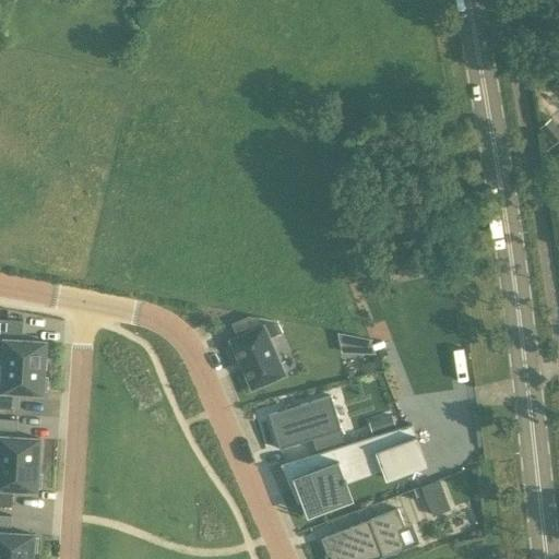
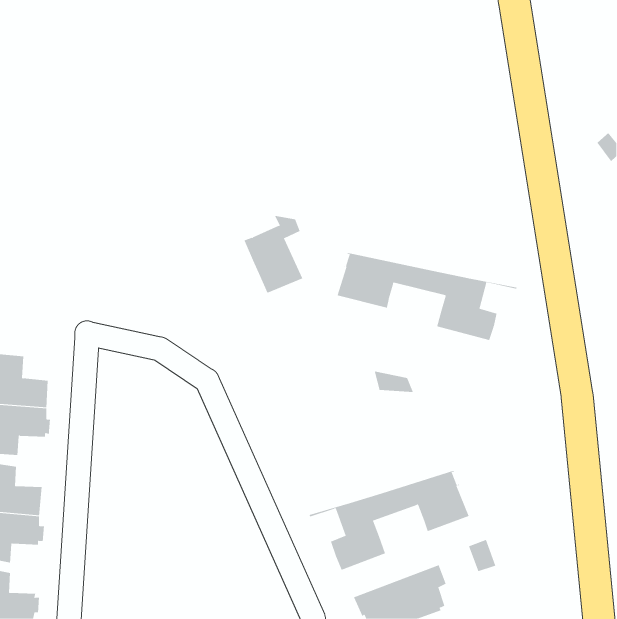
building: none -> [337,252,518,341]
building: [229,319,283,390] -> [244,215,303,294]
building: [267,395,343,453] -> none

